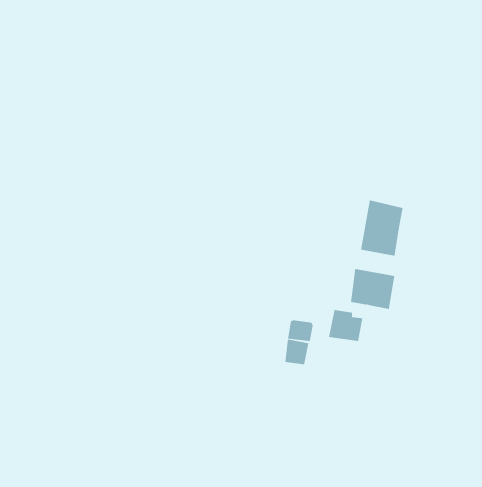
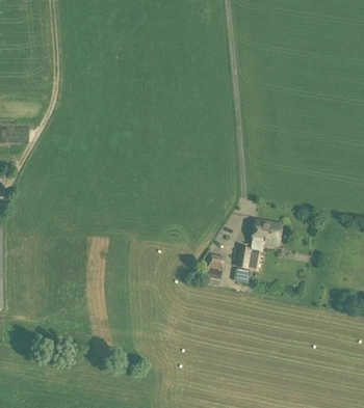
building: [360,199,403,257] -> none

